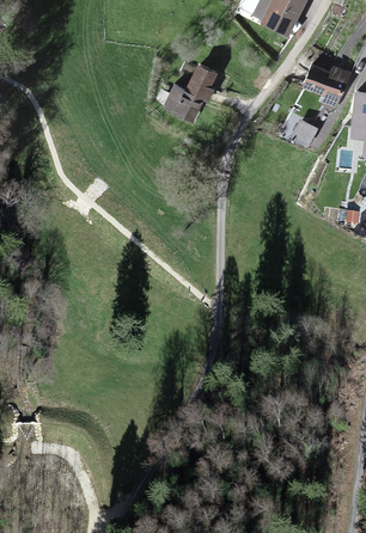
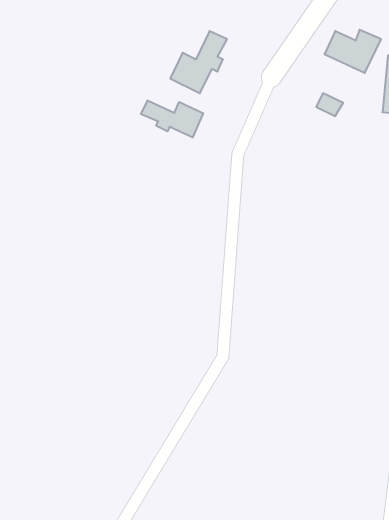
building: none -> [141,100,203,137]

